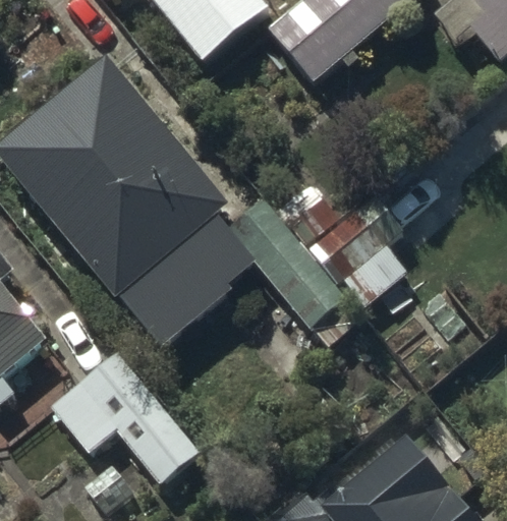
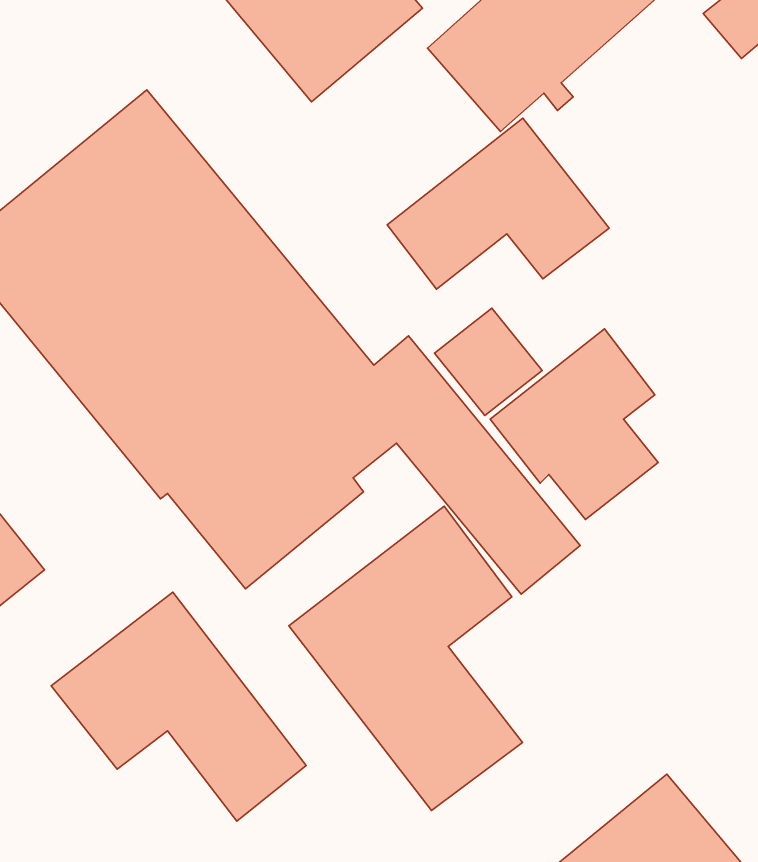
building: none -> [387,118,609,289]
building: none -> [289,506,523,810]

